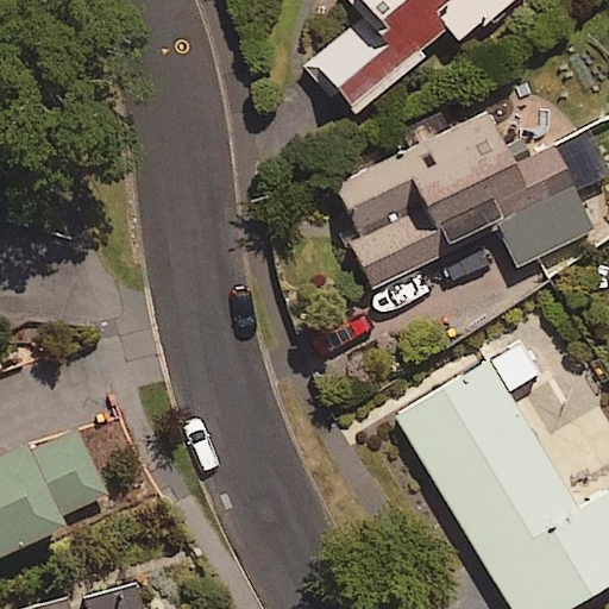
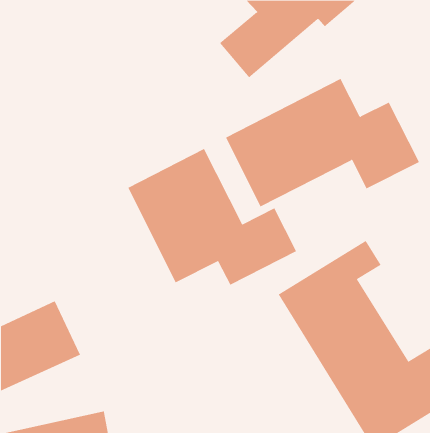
building: none -> [128,148,297,285]

